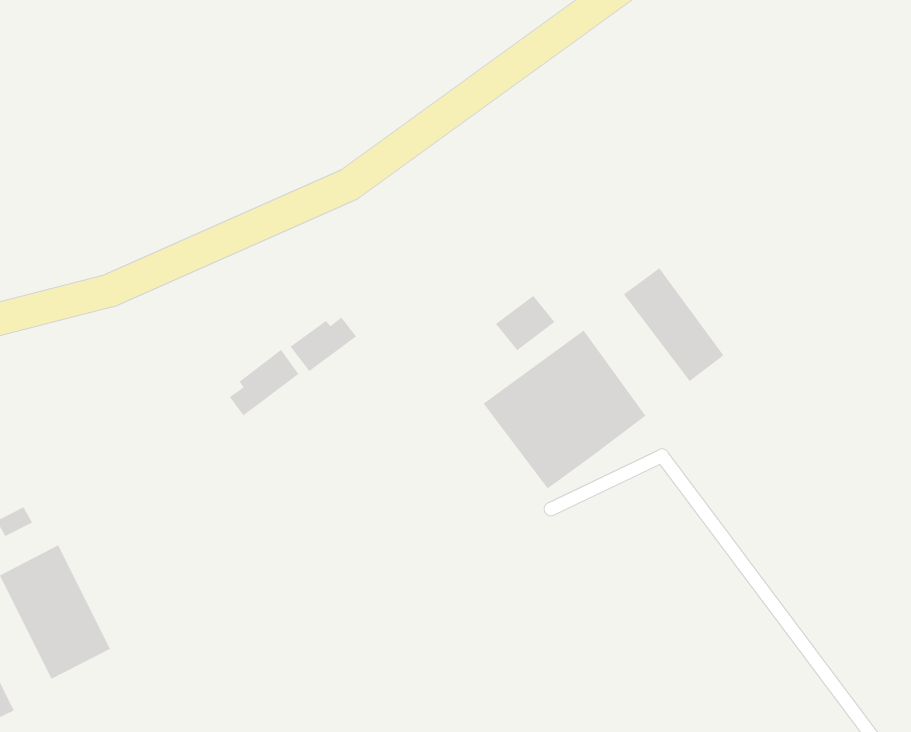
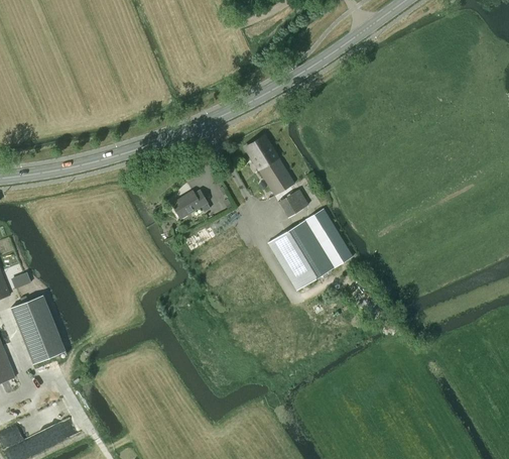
building: [623,267,724,382] -> [245,135,294,196]
building: [229,349,299,416] -> none

